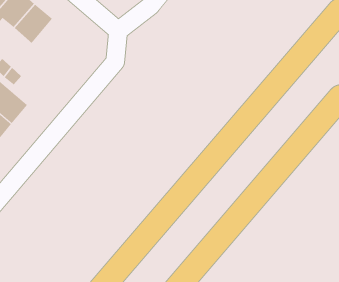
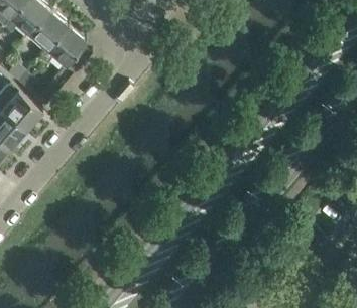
building: none -> [40,24,92,73]

